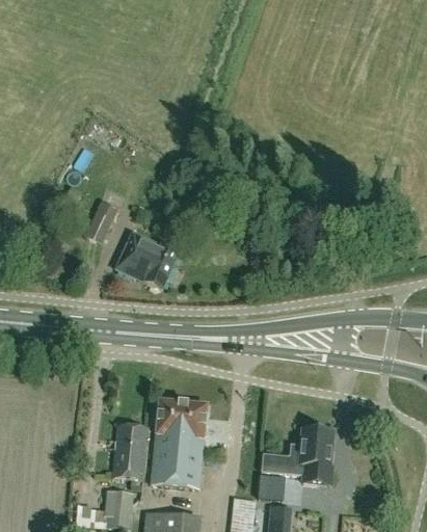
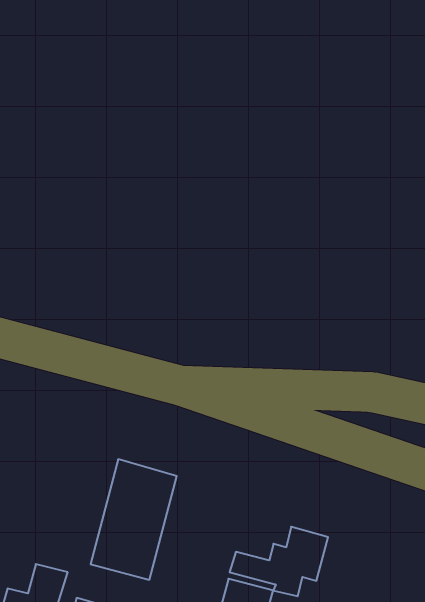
building: [83,188,124,243] -> none
building: [116,232,178,289] -> none
building: [112,423,149,478] -> none

